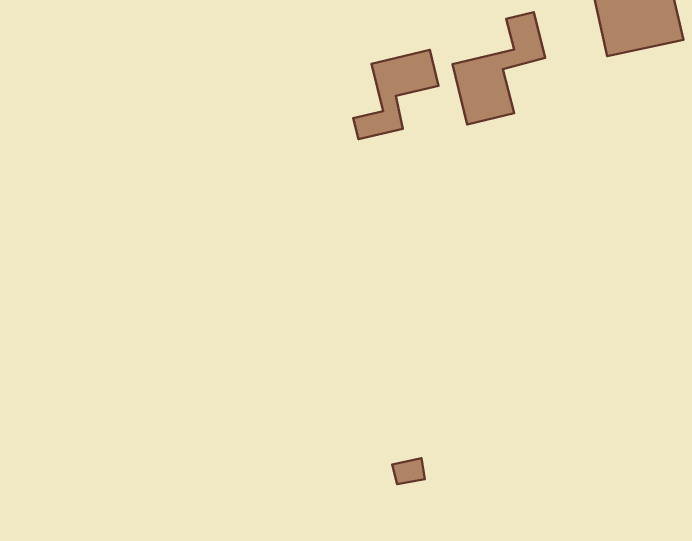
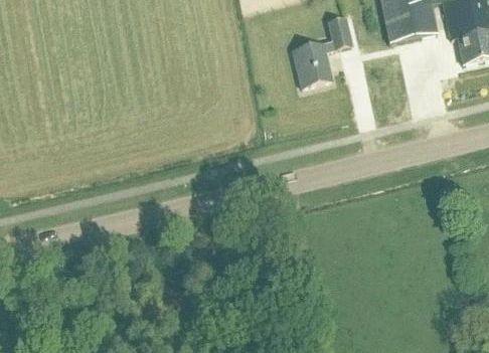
building: [353,50,439,139] -> none

